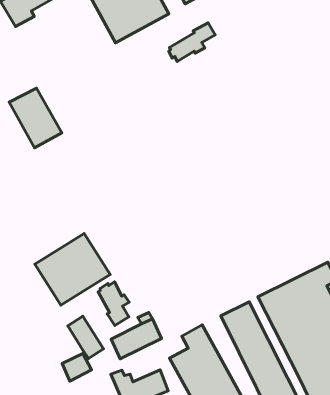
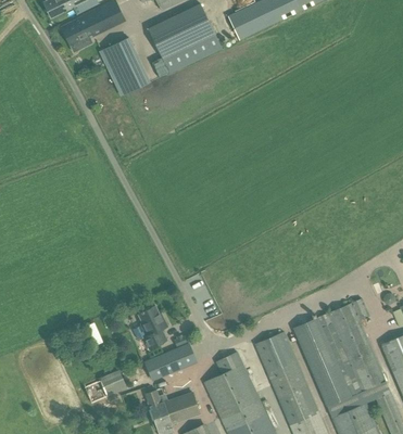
building: [169,23,215,61] -> none
building: [9,88,62,148] -> [101,38,150,95]
building: [35,233,110,305] -> none
building: [68,316,103,359] -> none

